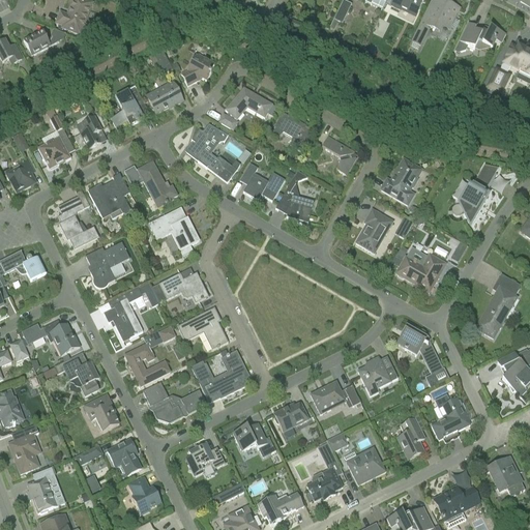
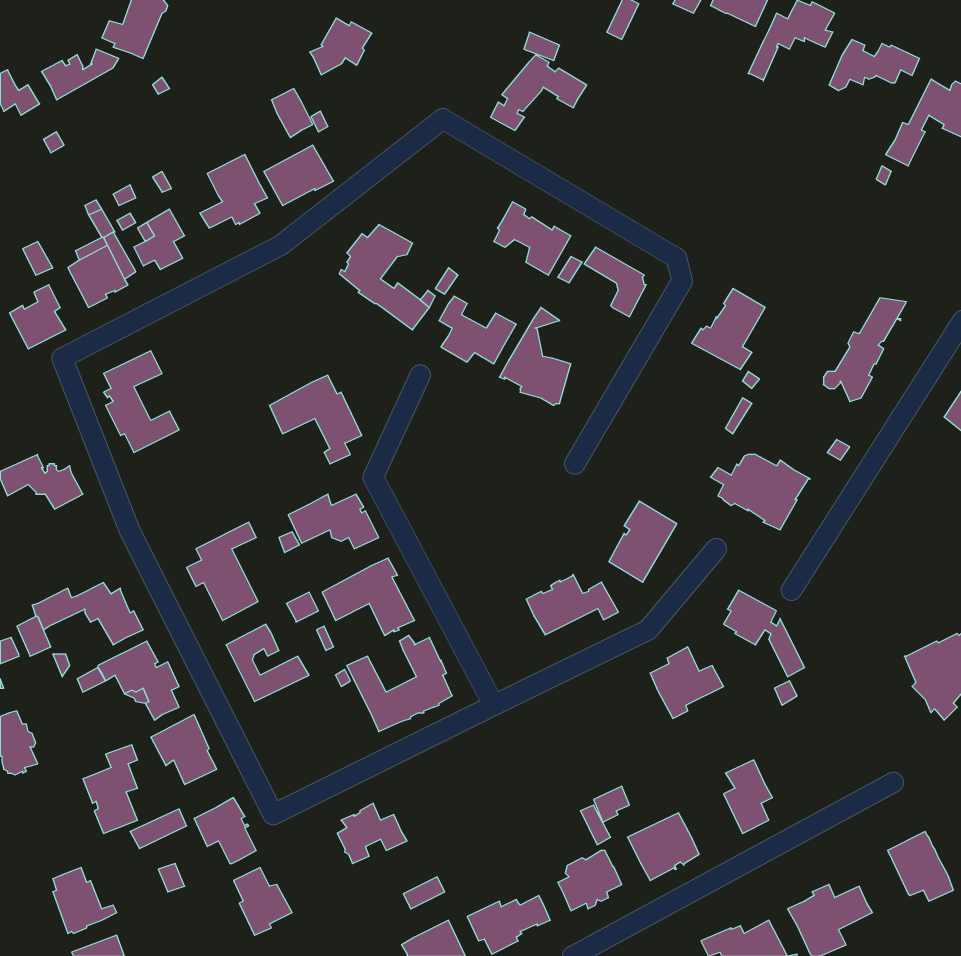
building: [181,54,215,85] -> [310,18,372,75]
building: [219,87,272,128] -> [491,55,587,130]
building: [124,160,178,207] -> none
building: [88,172,130,218] -> none
building: [356,208,393,253] -> [609,501,677,582]
building: [86,241,130,288] -> none
building: [478,272,521,337] -> none
building: [311,380,361,413] -> [526,574,618,635]
building: [143,381,207,422] -> none
building: [432,395,470,441] -> none
building: [274,403,310,431] -> none
building: [233,422,276,455] -> none
building: [9,423,39,472] -> [83,745,138,833]

